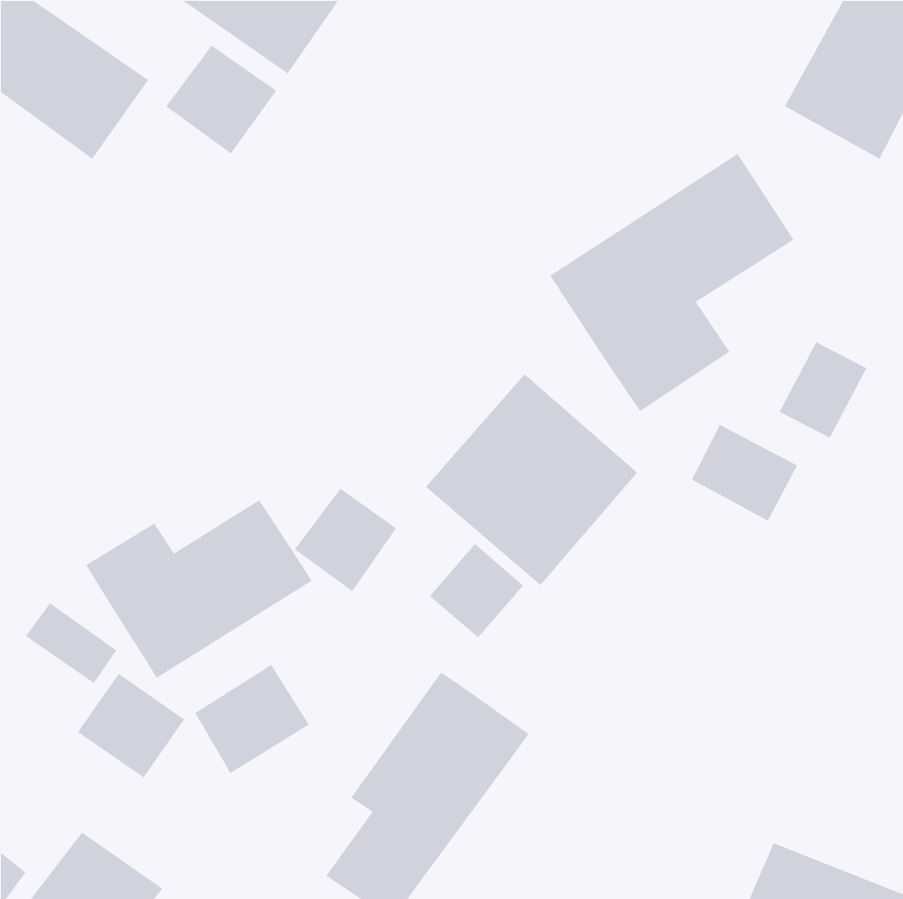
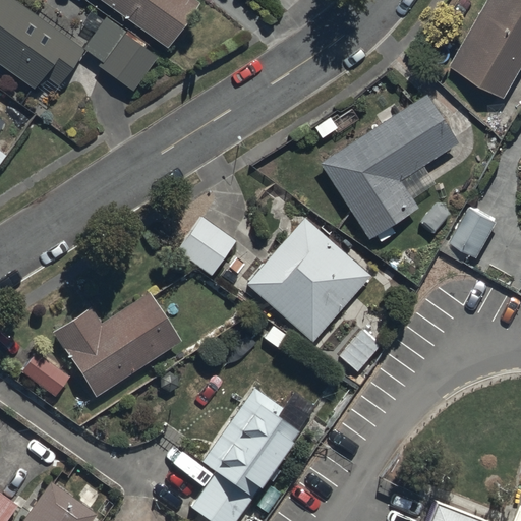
building: [691,424,798,522] -> none
building: [294,487,397,592] -> [177,215,236,275]
building: [429,543,524,639] -> none
building: [194,664,310,774] -> none
building: [77,673,185,778] -> none

